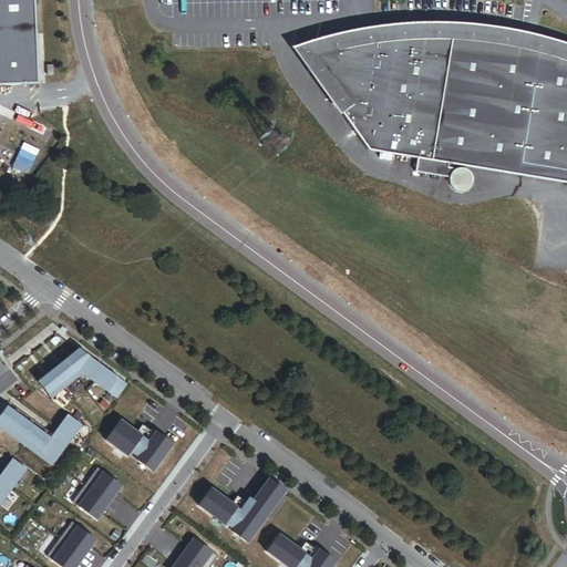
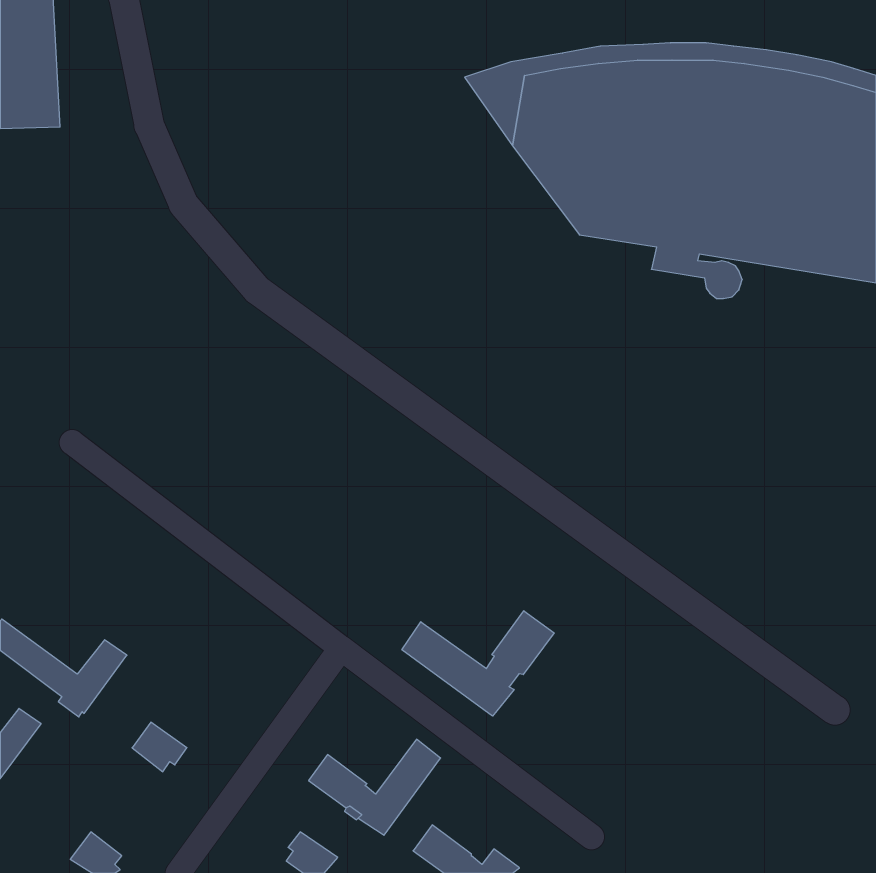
building: [38,347,127,396] -> none
building: none -> [402,611,554,716]
building: [107,420,173,470] -> none
building: [72,483,105,518] -> none
building: [59,520,95,553] -> none

